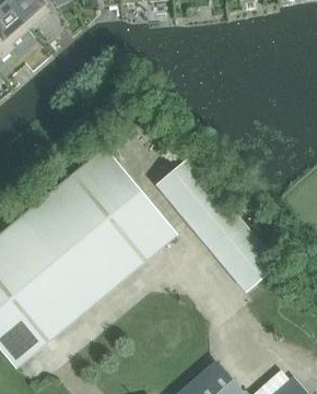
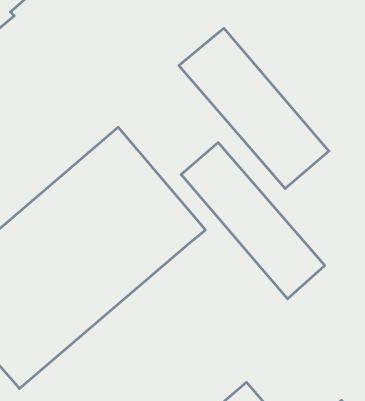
building: none -> [179,28,329,189]

